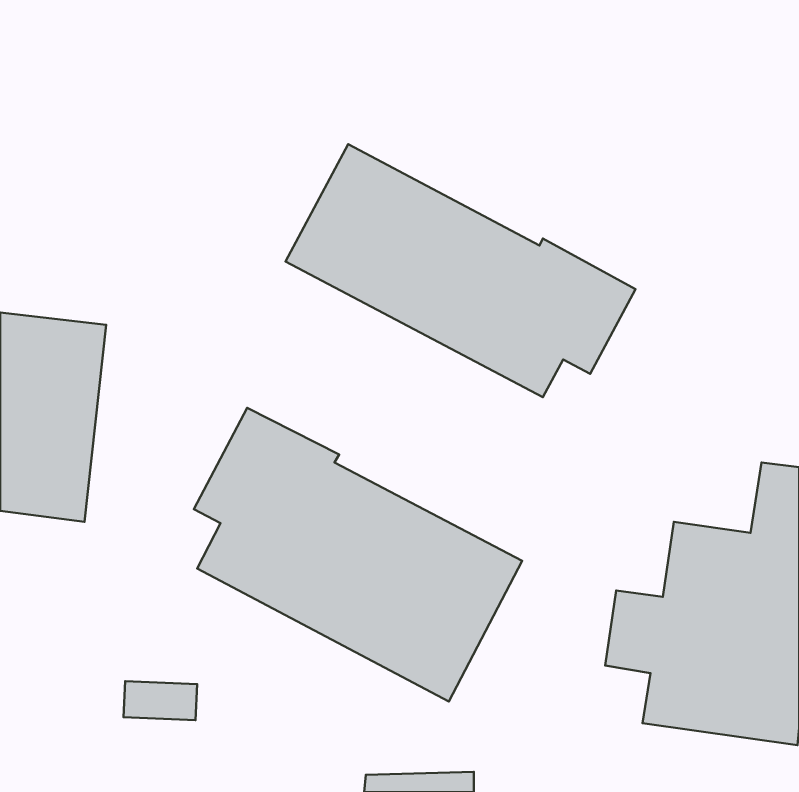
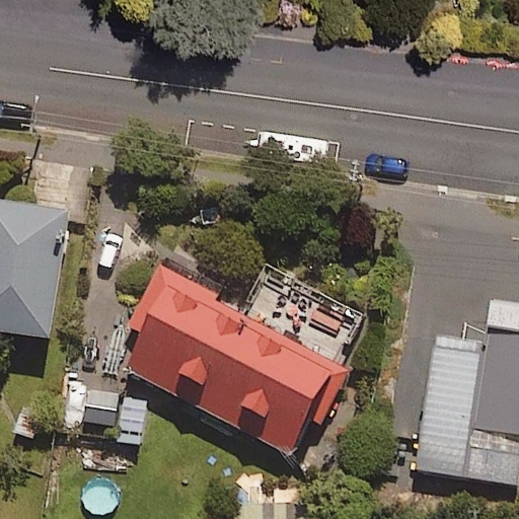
building: [285,144,636,397] -> none

